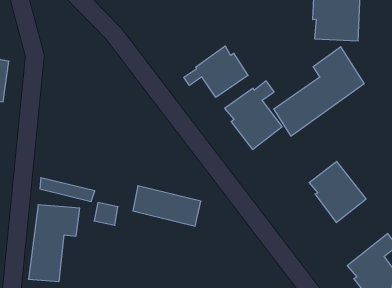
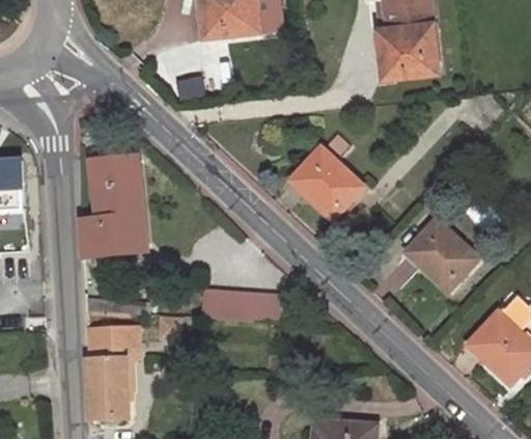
building: [184,46,248,97] -> none
building: [274,47,364,136] -> none
building: none -> [81,156,148,258]

